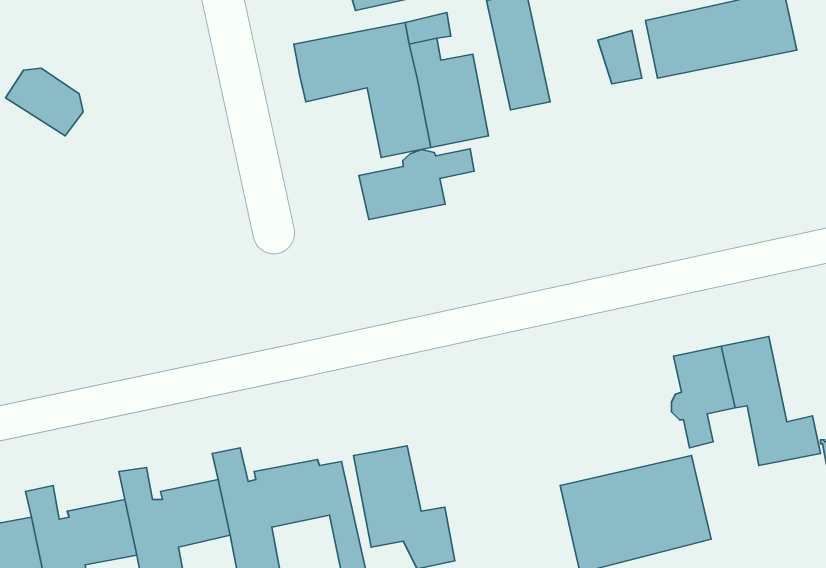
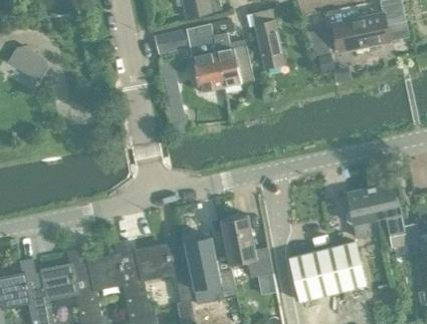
building: [359,149,474,220] -> none
building: none -> [220,215,272,277]

